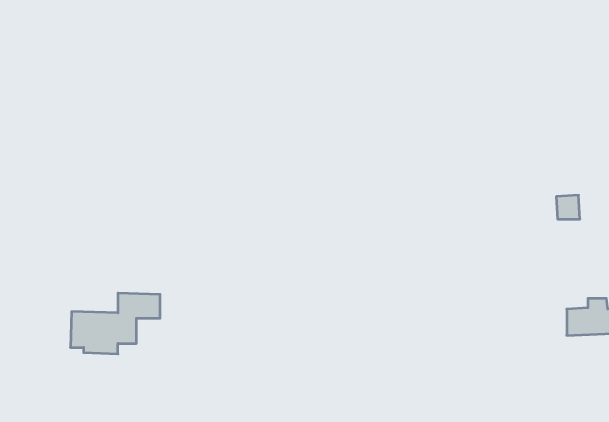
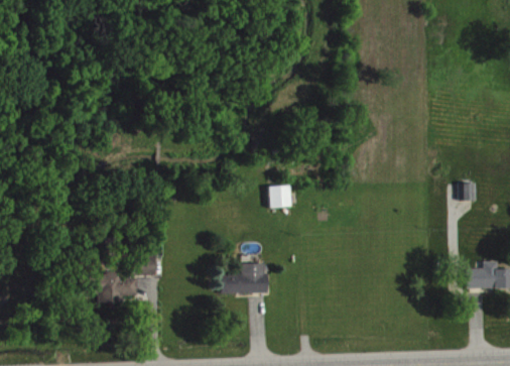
building: none -> [267,185,290,209]
building: none -> [221,263,267,293]

